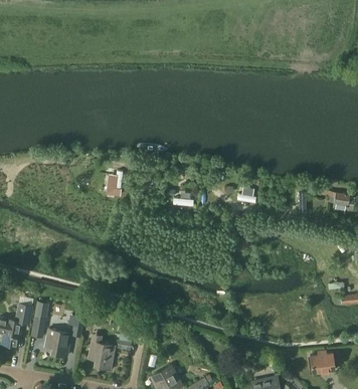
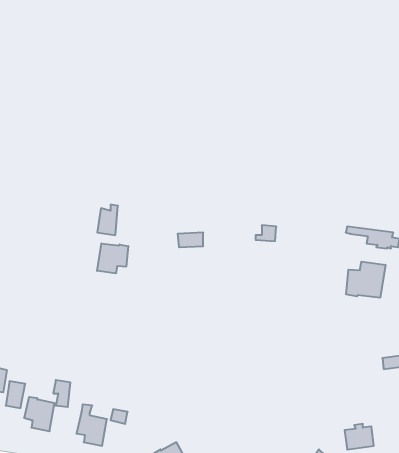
building: none -> [97,243,128,273]
building: none -> [346,262,385,298]

